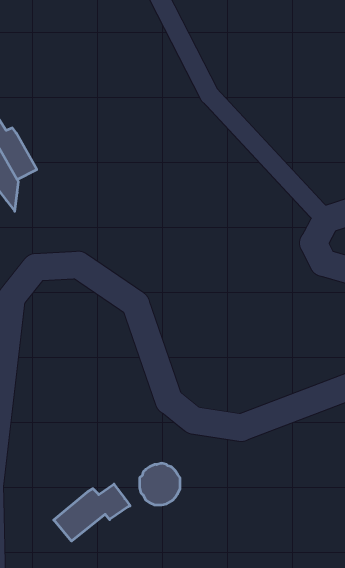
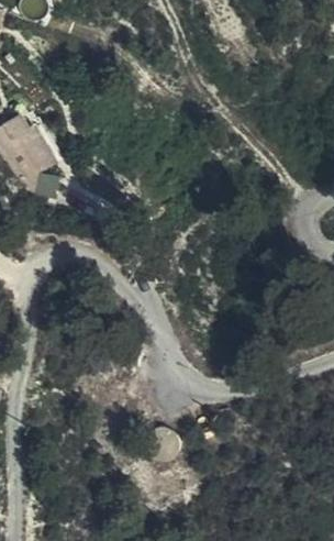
building: [54,484,130,541] -> none

